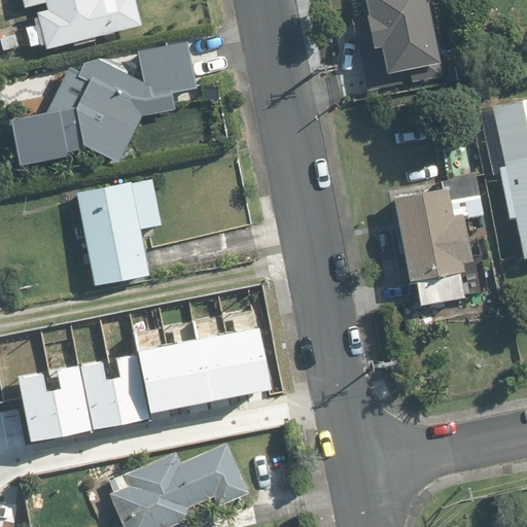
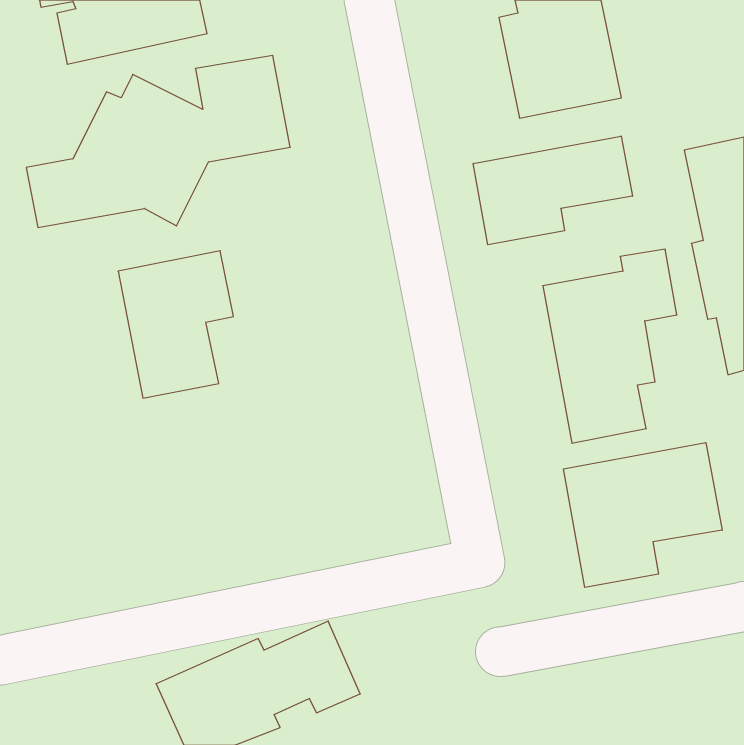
building: none -> [473,136,632,245]
building: none -> [563,443,722,587]
building: [15,330,269,443] -> none

